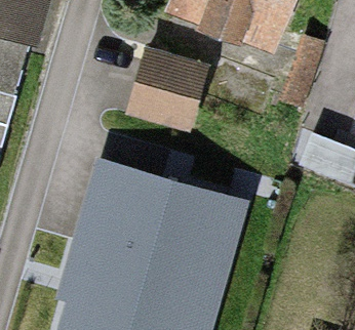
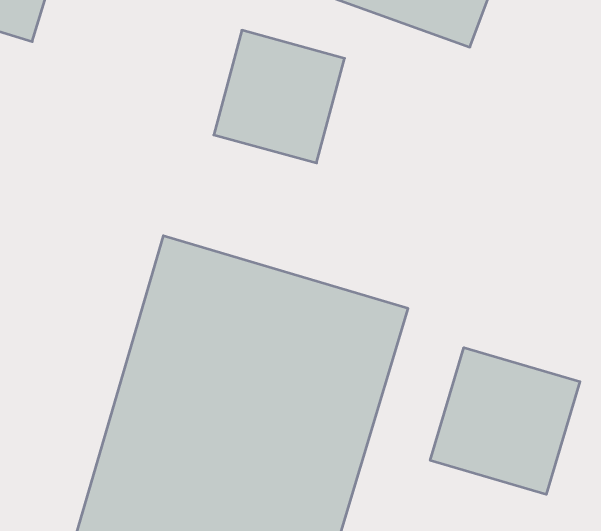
building: none -> [430,348,580,494]

